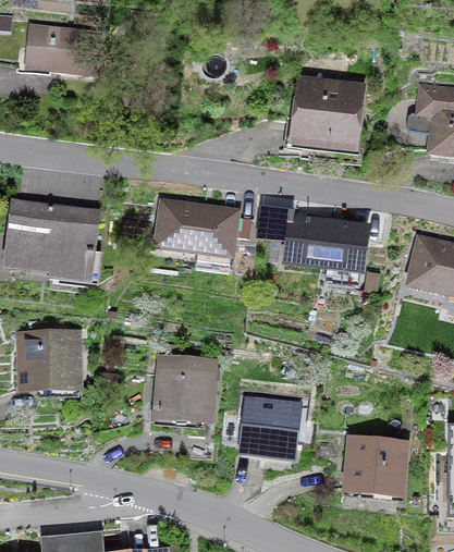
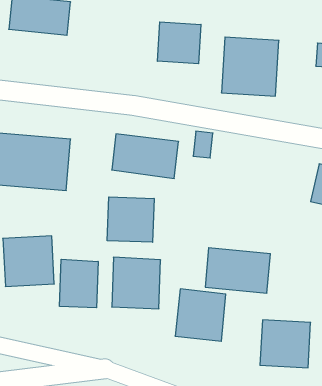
building: none -> [157,22,201,64]
building: [284,218,367,275] -> [205,248,270,293]
building: none -> [107,197,154,242]
building: none -> [60,259,98,308]

